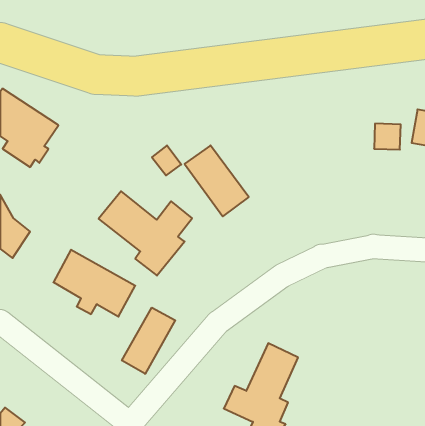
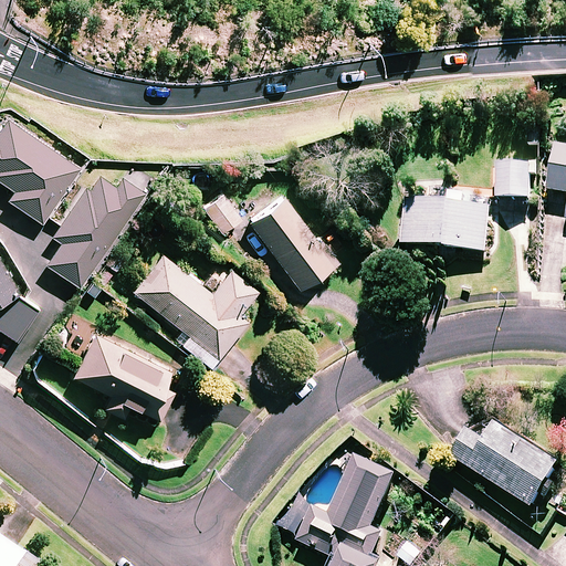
building: none -> [45,161,145,286]
building: none -> [402,193,491,252]
building: [122,308,175,374] -> none
building: none -> [454,421,559,507]

